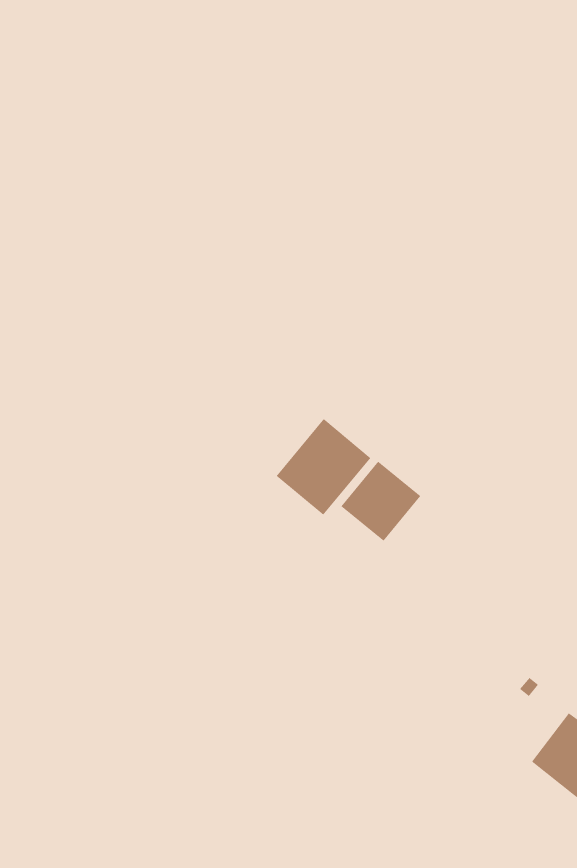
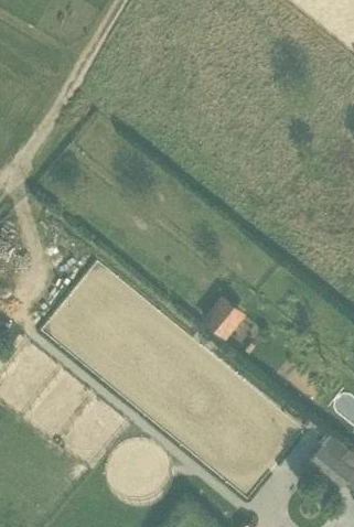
building: [276,418,371,516] -> none

